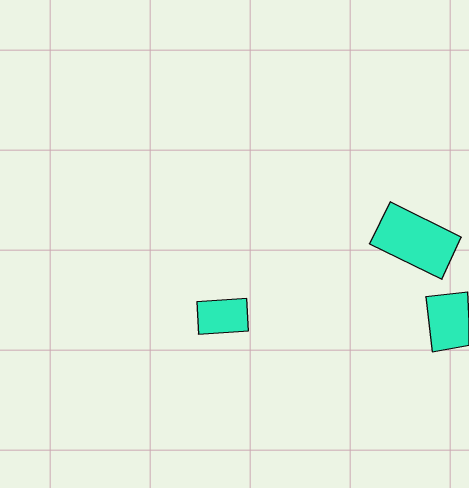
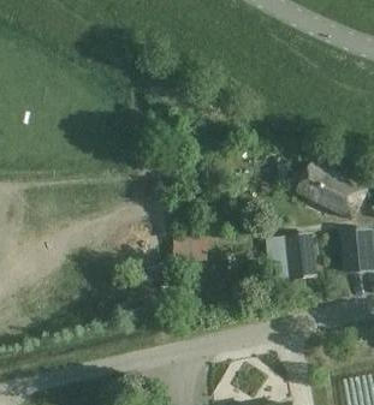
building: none -> [271,234,319,282]

